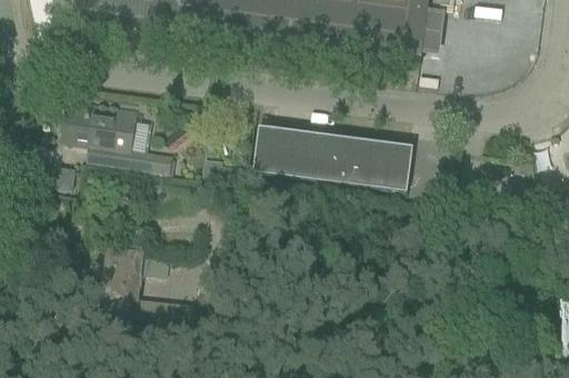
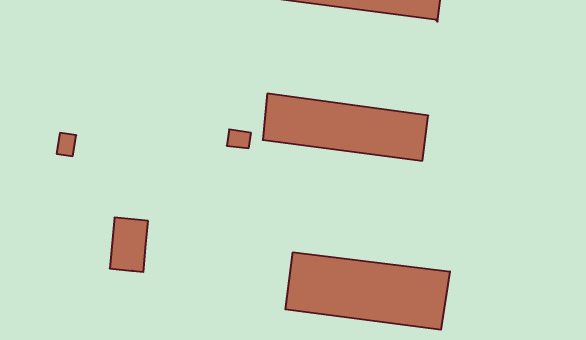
building: [63,98,176,168] -> none
building: none -> [285,252,450,330]

